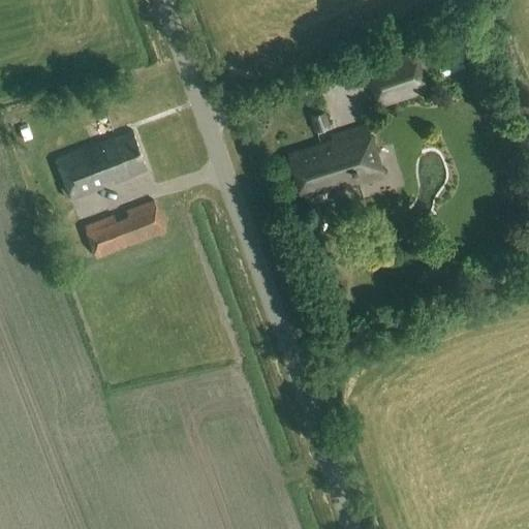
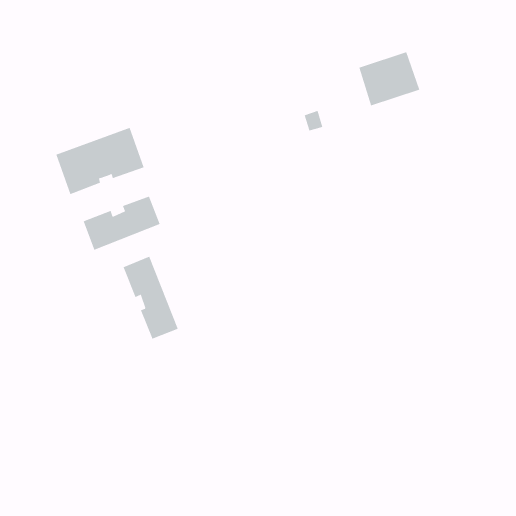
building: [286,128,381,207] -> none
building: none -> [123,256,178,340]

